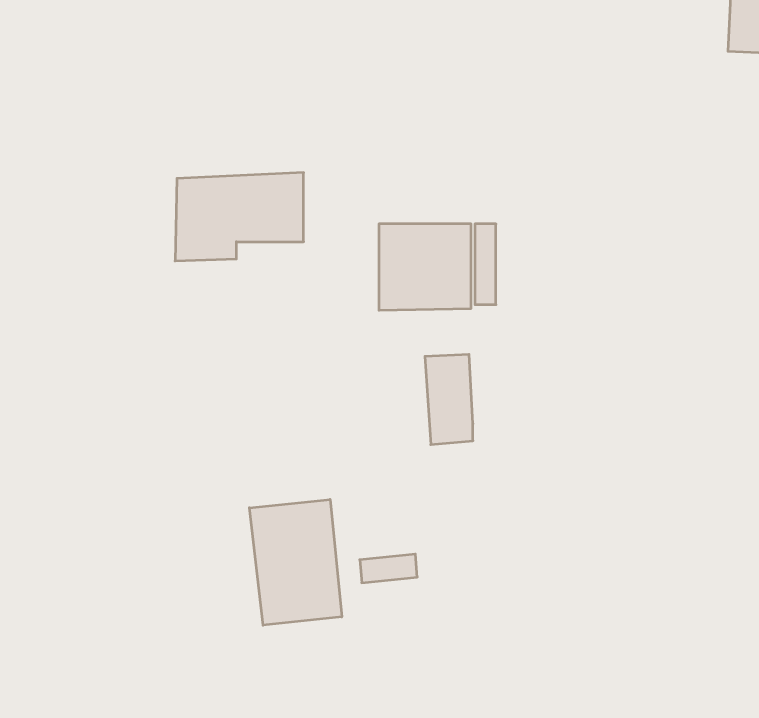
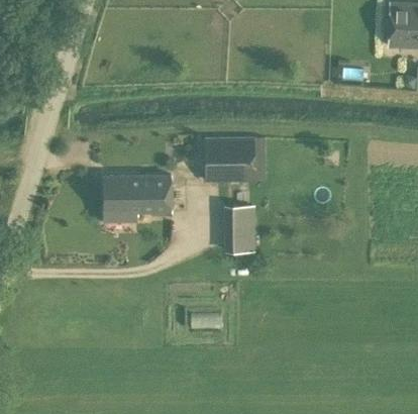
building: [175,173,304,261] -> [102,175,170,221]
building: [249,499,342,625] -> none

